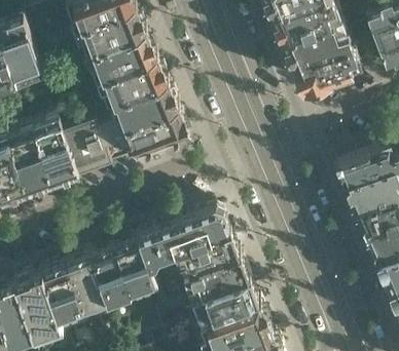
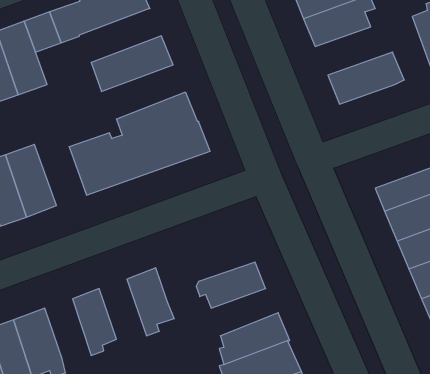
building: [73,9,145,57] -> none
building: [283,26,352,69] -> none
building: [96,60,167,108] -> none
building: [33,121,79,185] -> none
building: [141,212,230,270] -> none
building: [90,250,133,305] -> none
building: [185,258,250,301] -> none
building: [42,268,83,322] -> none

